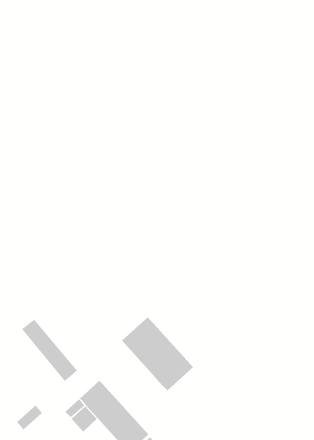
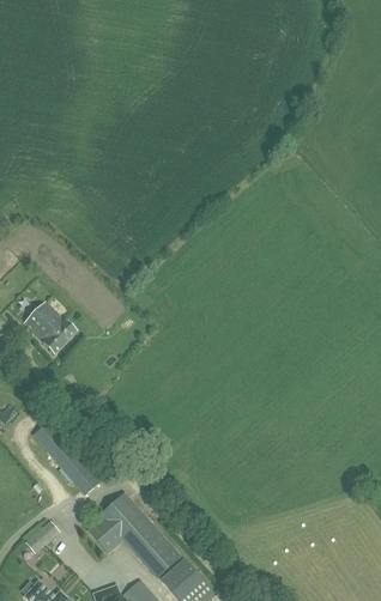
building: none -> [23,300,75,353]
building: [121,316,194,391] -> none

